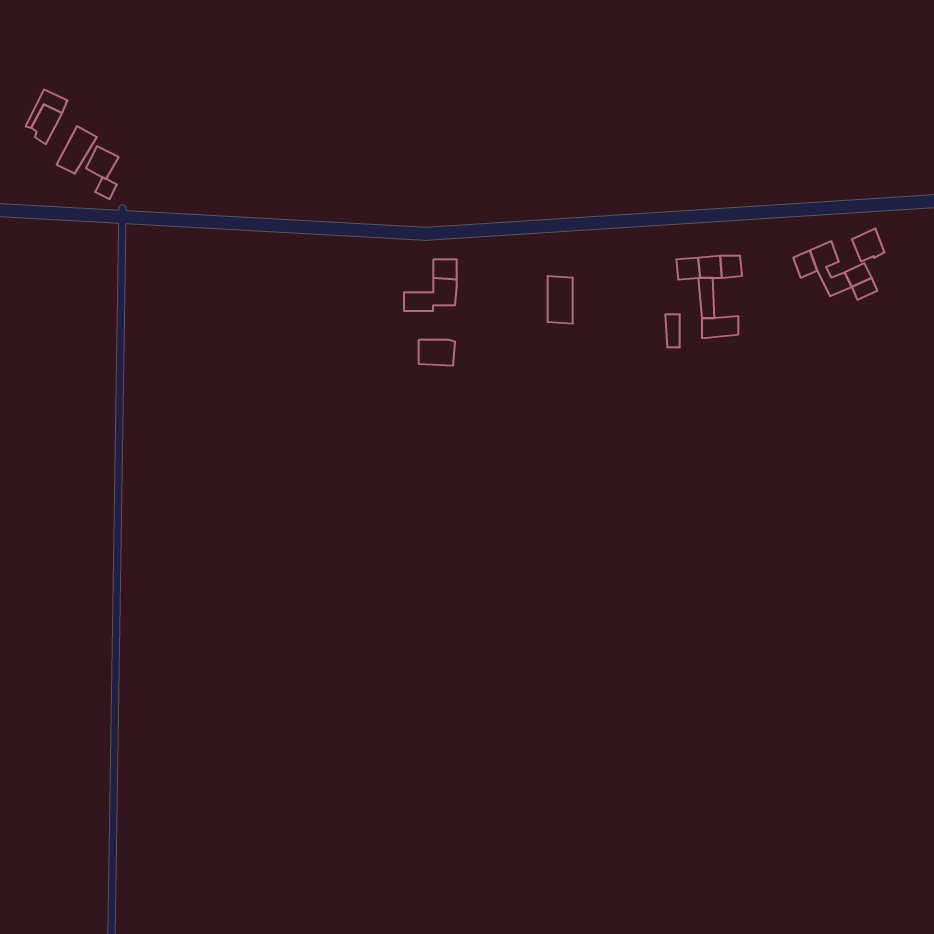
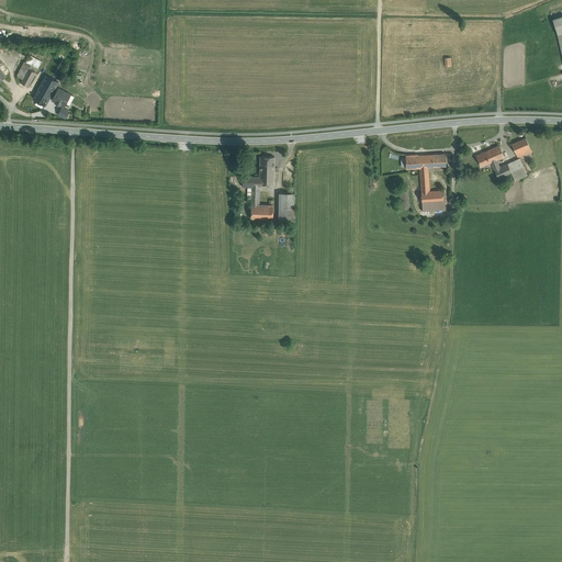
building: [547,276,573,324] -> [279,192,294,221]

